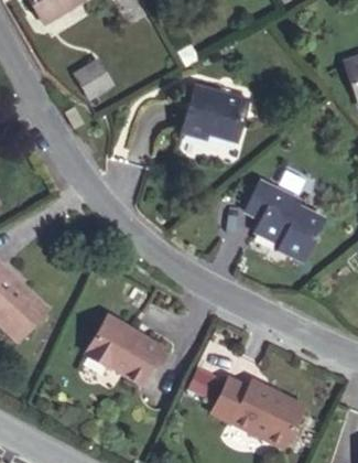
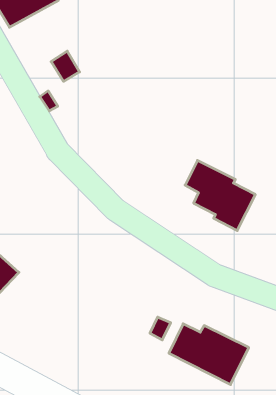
building: [178,94,241,151] -> none
building: [89,314,167,383] -> none

